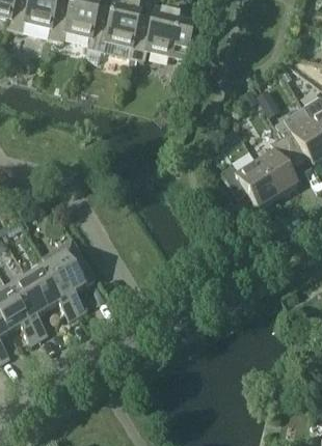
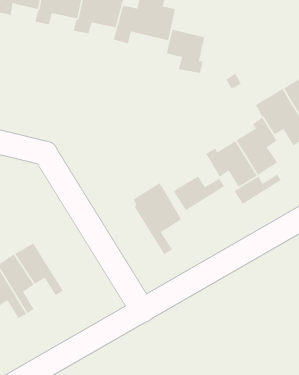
building: none -> [166,29,205,74]
building: none -> [234,174,282,205]
building: none -> [172,175,225,211]
building: [45,241,96,315] -> [133,182,182,255]

